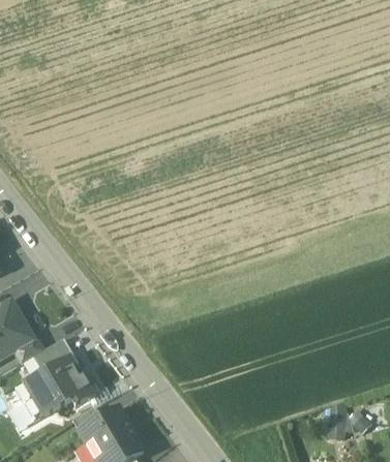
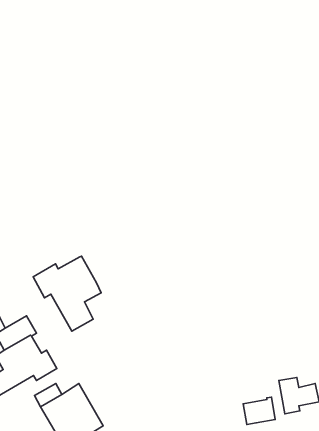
building: none -> [33,256,101,331]
building: none -> [243,397,275,424]

